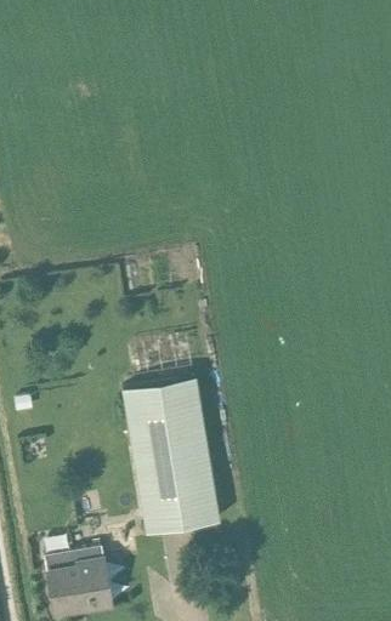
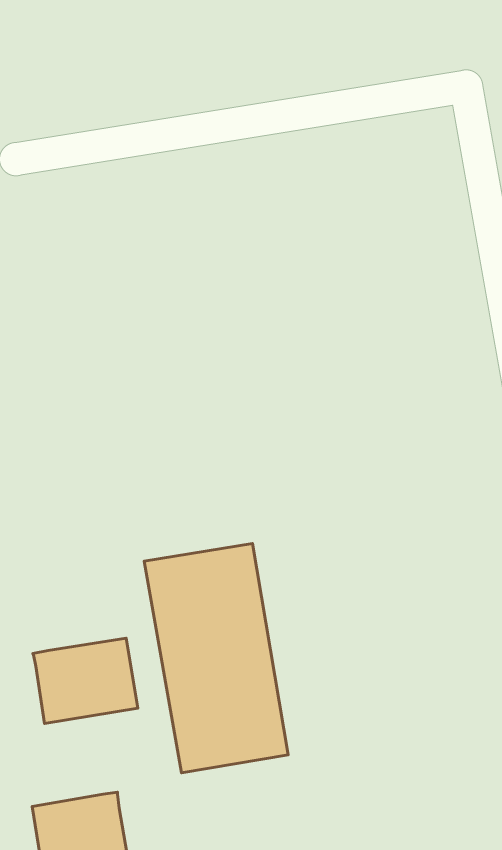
building: none -> [33,638,138,723]

